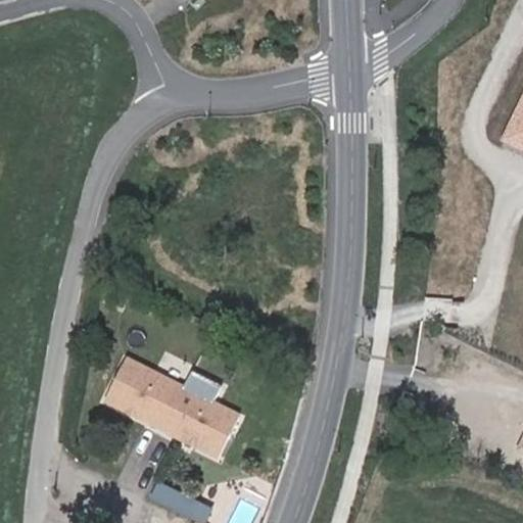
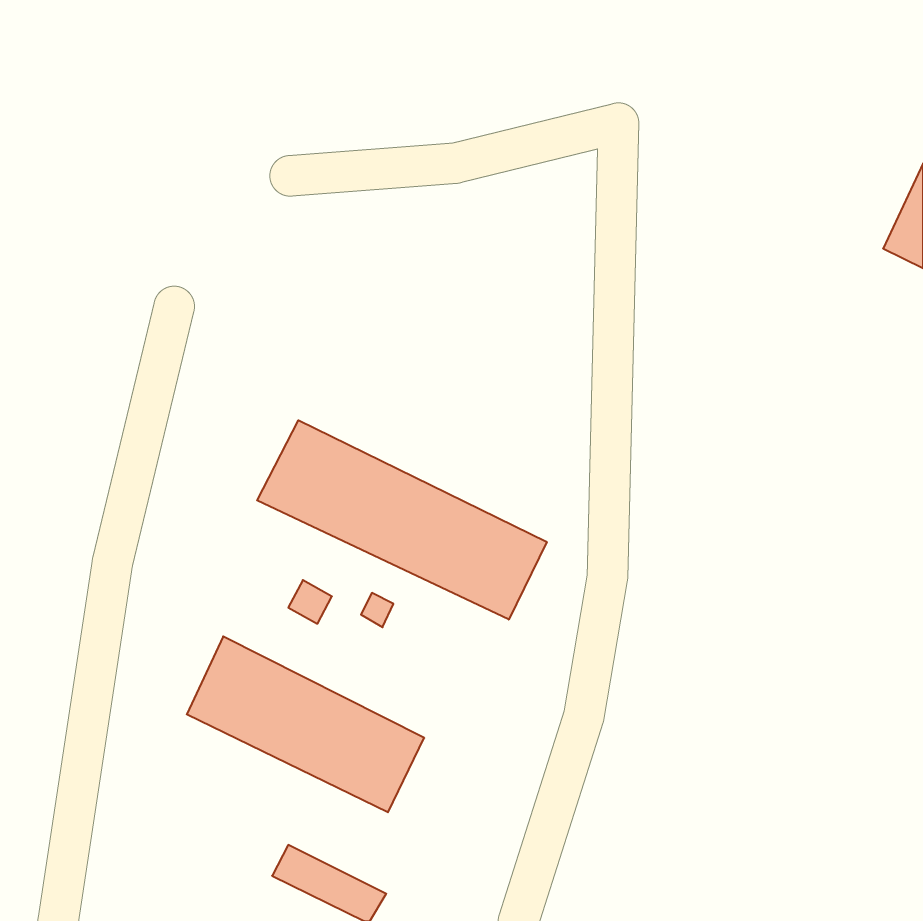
building: none -> [257,420,547,620]

